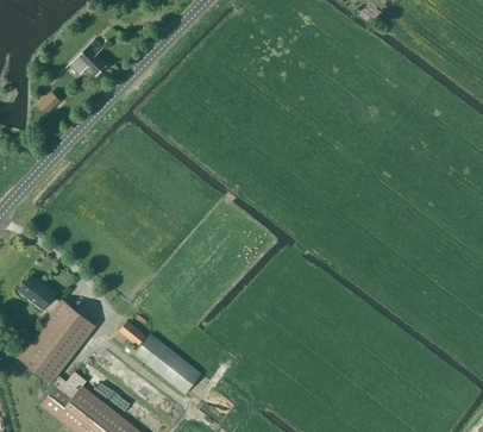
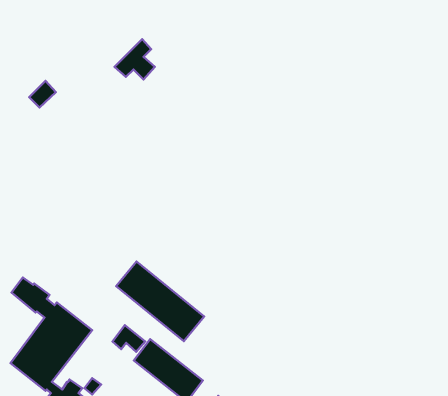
building: [69,39,107,77] -> [115,39,155,79]
building: none -> [116,262,204,341]

